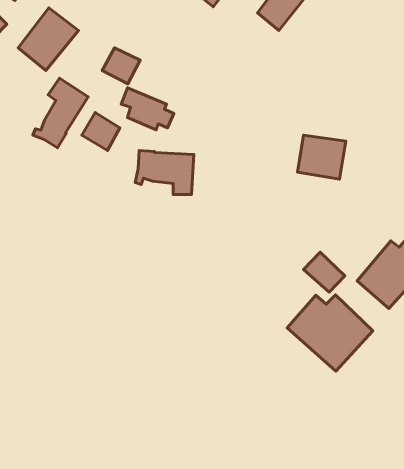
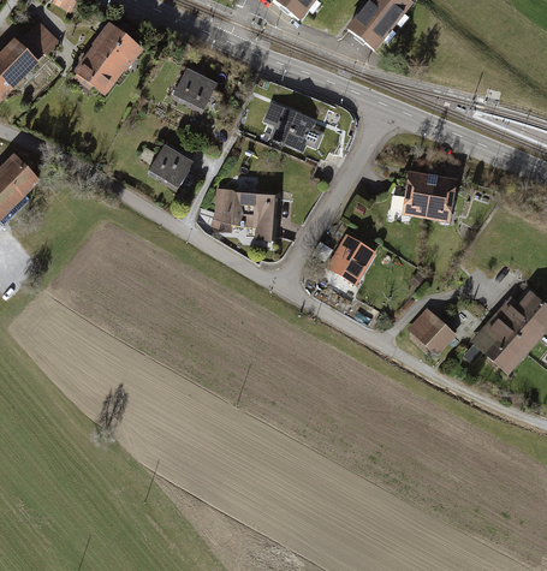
building: [33,78,88,148] -> none
building: [121,88,174,130] -> [262,102,323,151]
building: none -> [328,236,373,281]
building: [287,295,373,371] -> none

